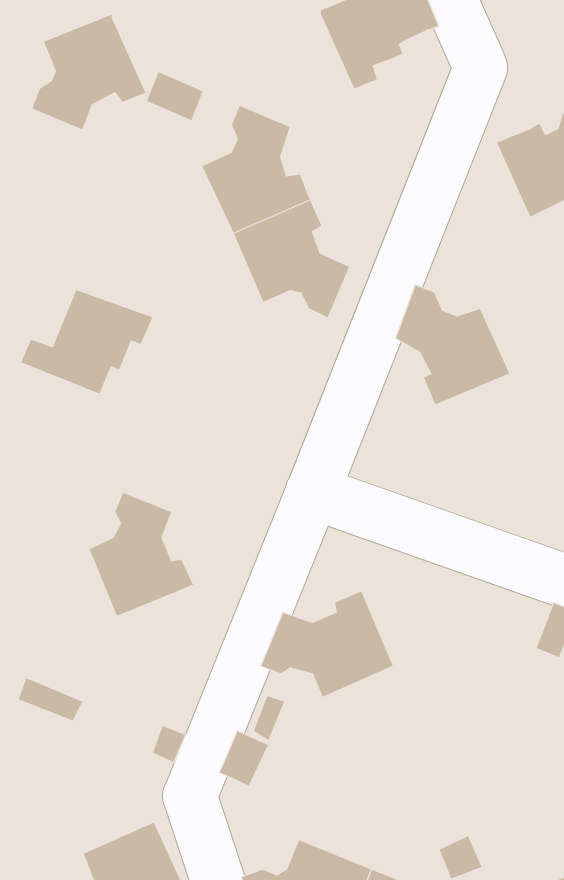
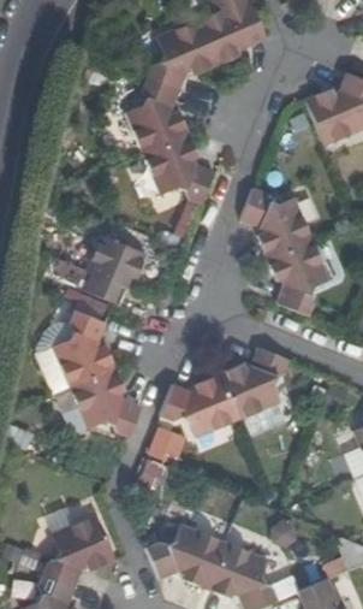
building: [31,14,146,130] -> [147,18,216,89]
building: [21,290,153,394] -> [66,238,147,302]
building: none -> [266,240,329,315]
building: none -> [221,349,290,418]
building: none -> [72,368,143,439]

